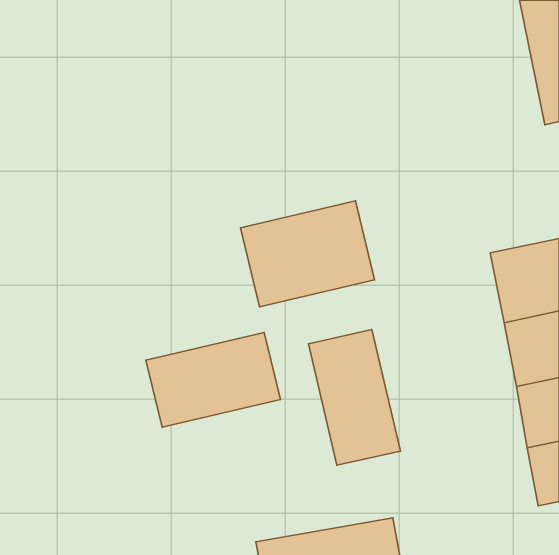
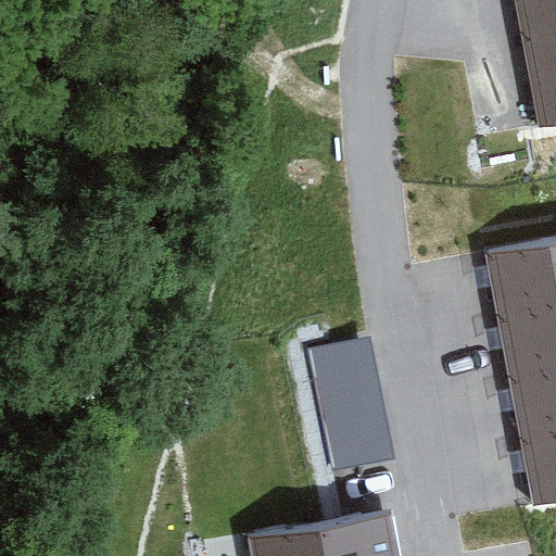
building: [240,201,374,307] -> none
building: [146,332,280,427] -> none

